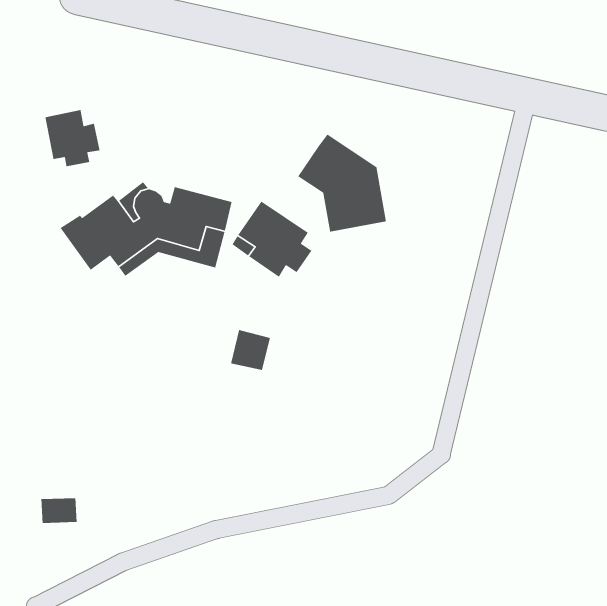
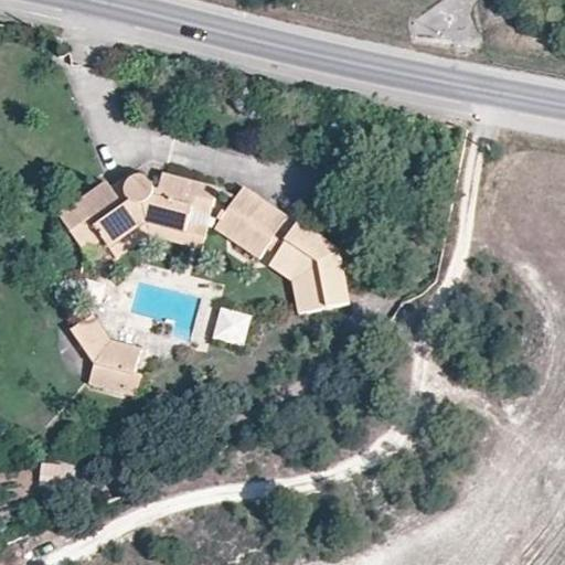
building: [45,109,100,167] -> none
building: [297,133,387,232] -> [270,220,353,311]
building: none -> [70,315,140,394]

